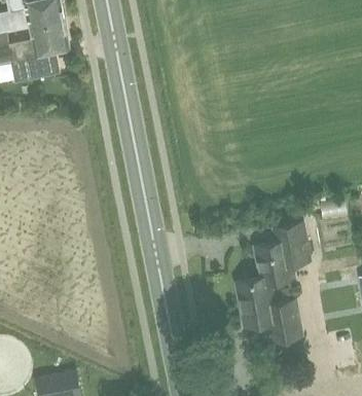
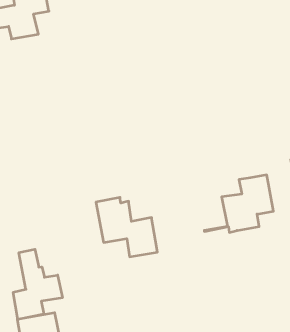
building: [236,278,301,341] -> [96,197,157,257]
building: none -> [13,249,62,319]

